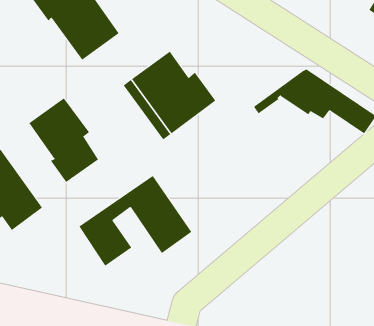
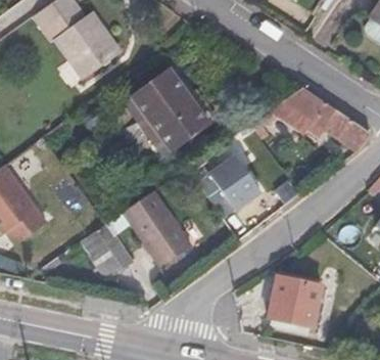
building: [29,98,99,183] -> none
building: none -> [197,155,259,219]
building: none -> [268,276,322,326]

